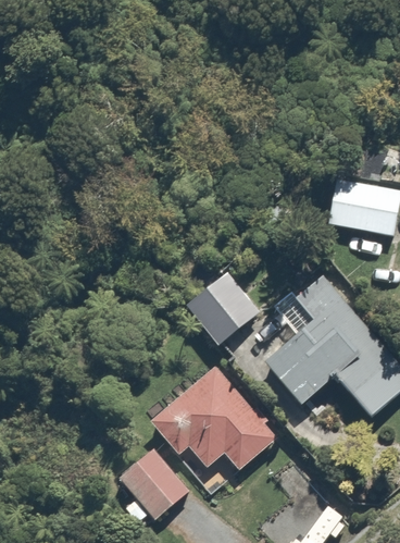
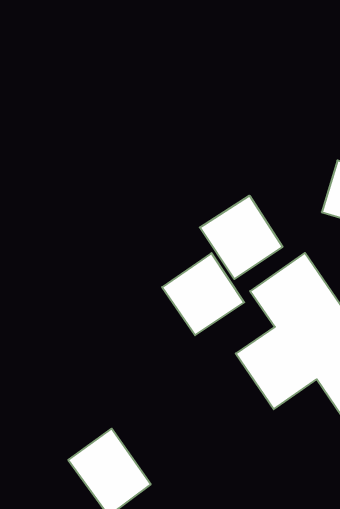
building: none -> [200,196,283,279]
building: [149,362,279,471] -> none

